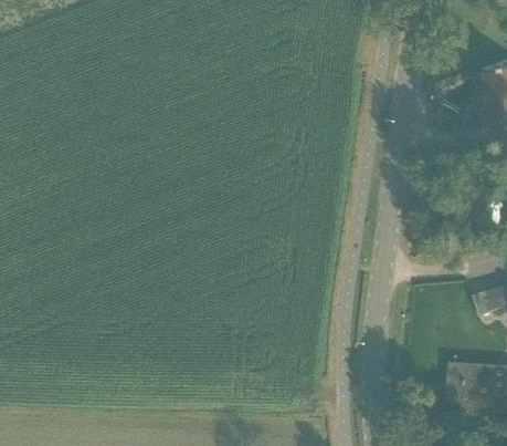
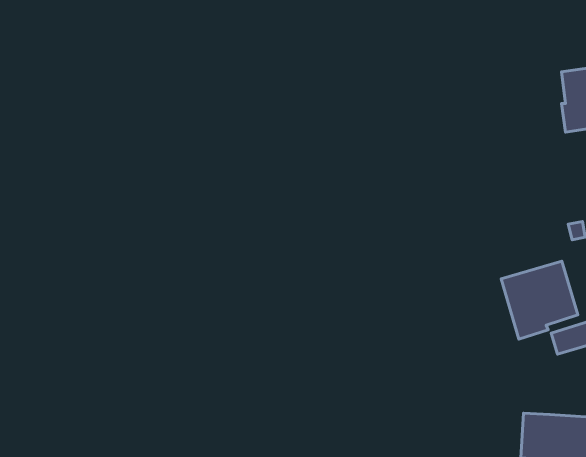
building: none -> [501,261,578,339]

